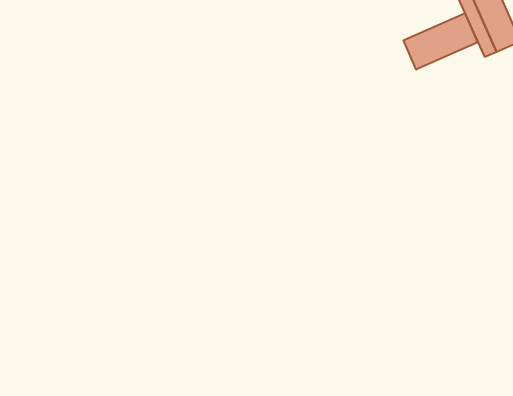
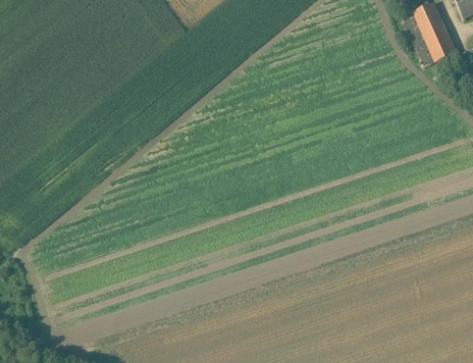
building: [404,13,478,70] -> none

